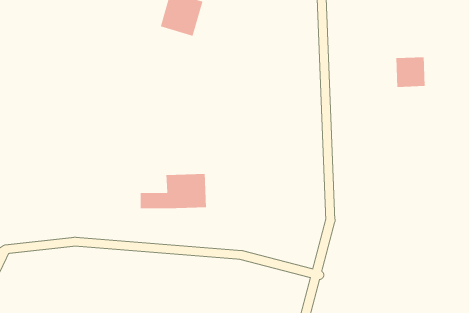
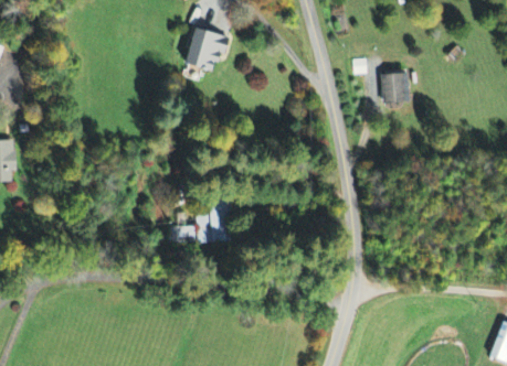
building: [395,56,426,88] -> [380,73,410,104]

